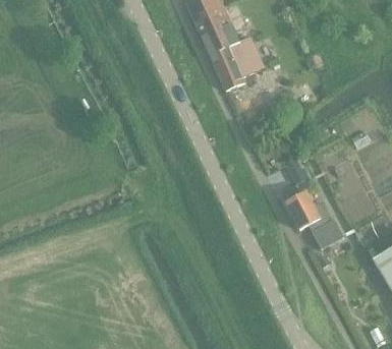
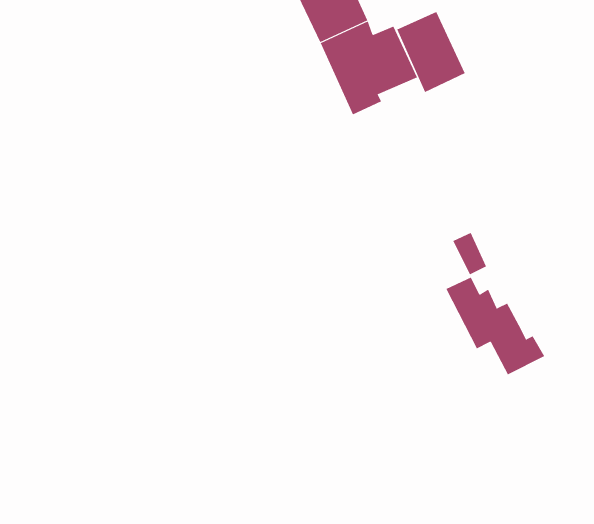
building: none -> [397,11,466,93]

